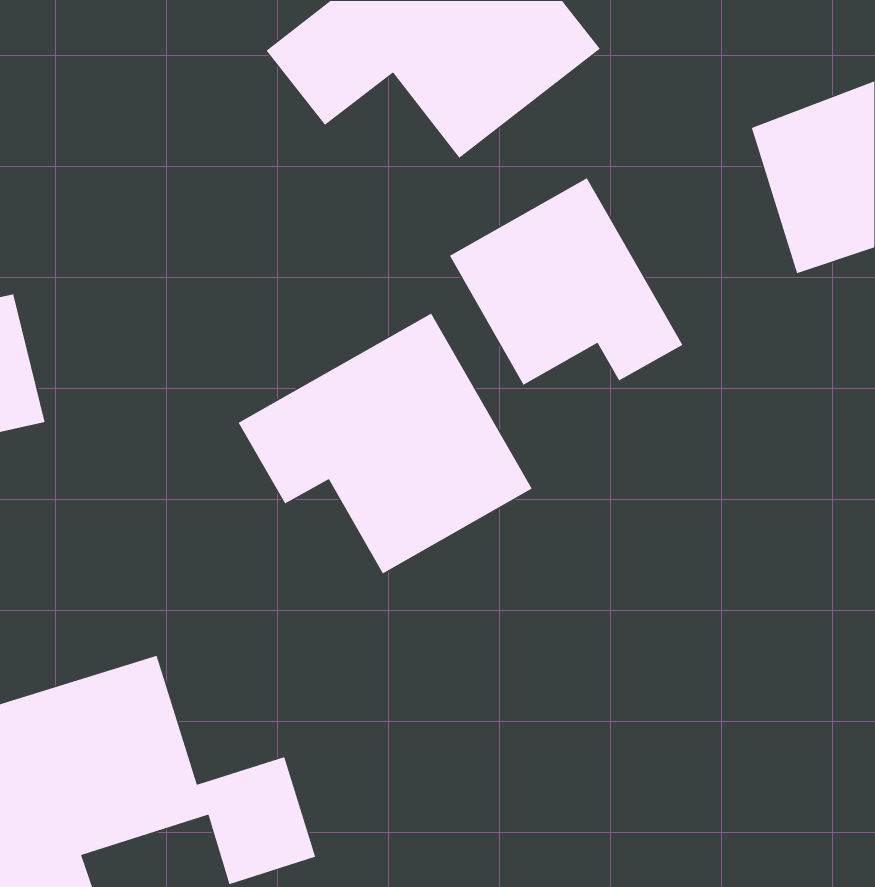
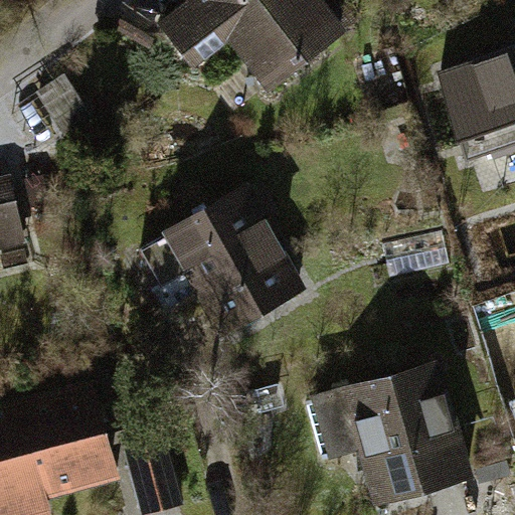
building: [449,177,683,386] -> none
building: none -> [317,364,469,507]

